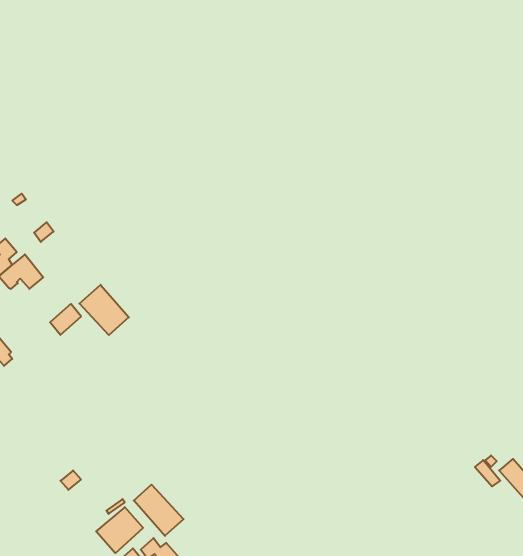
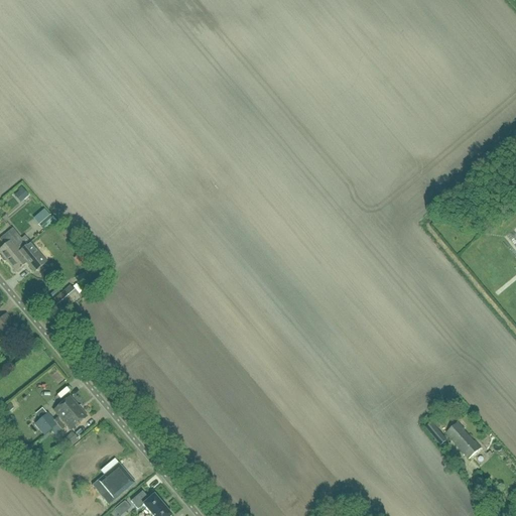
building: [79,285,129,335] -> none
building: none -> [40,395,87,429]
building: [134,485,184,536] -> none

